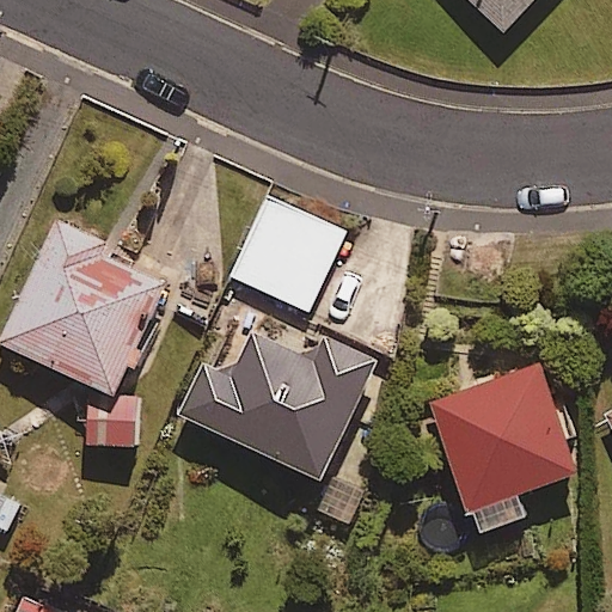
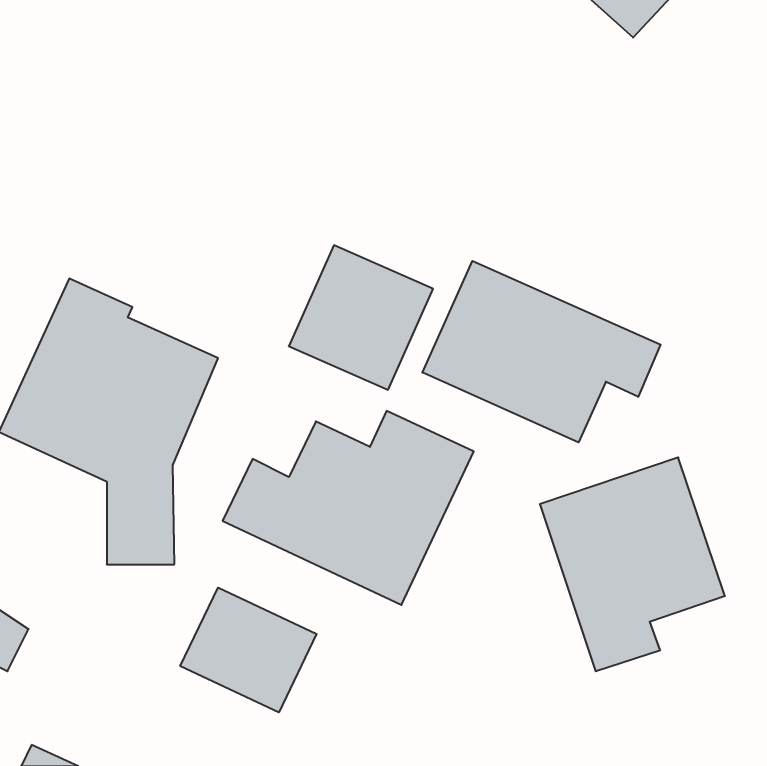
building: none -> [422,261,661,442]
building: none -> [180,588,317,712]

